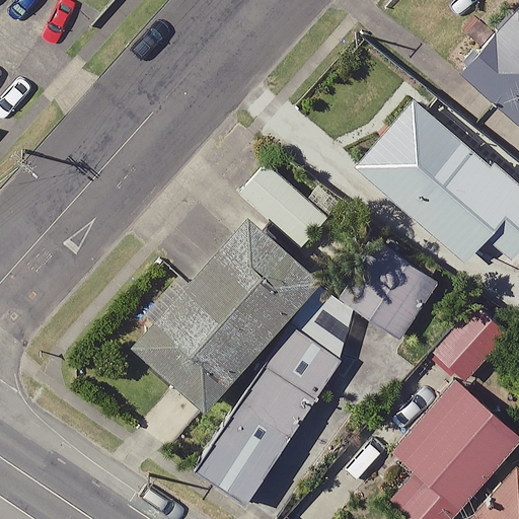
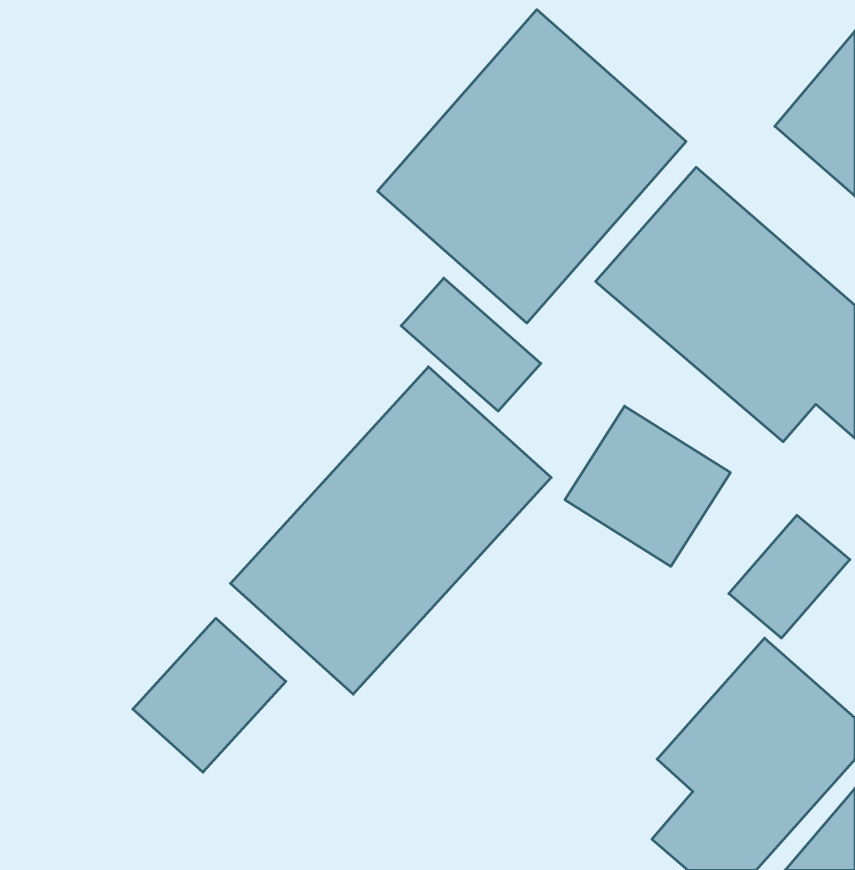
building: none -> [378,10,686,323]
building: [199,328,345,503] -> none
building: none -> [133,618,286,772]

